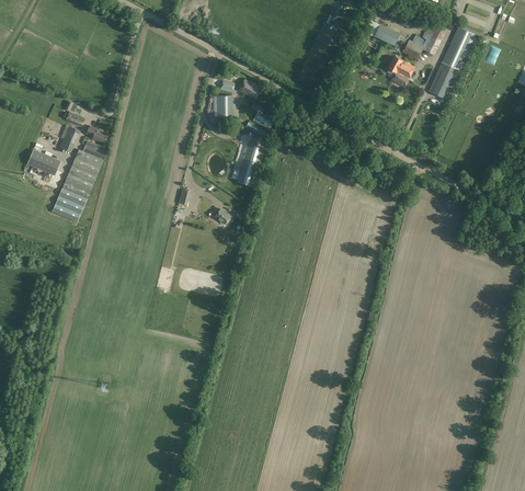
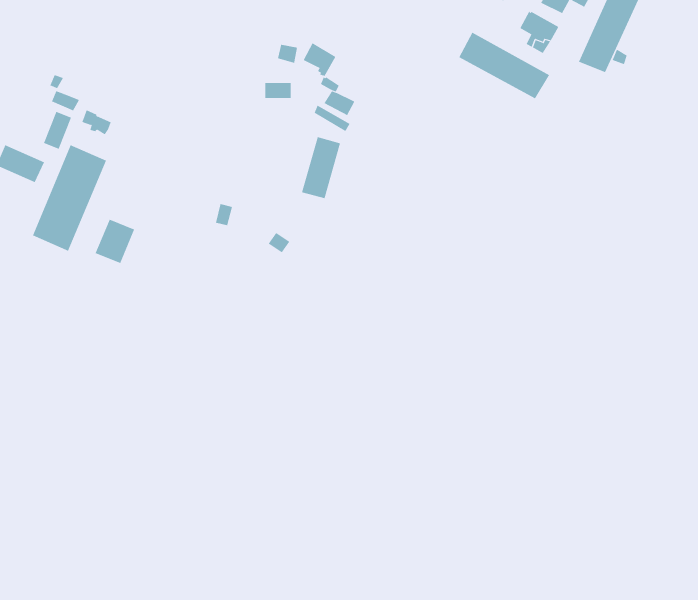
building: none -> [459,32,550,99]
building: none -> [95,219,135,264]

